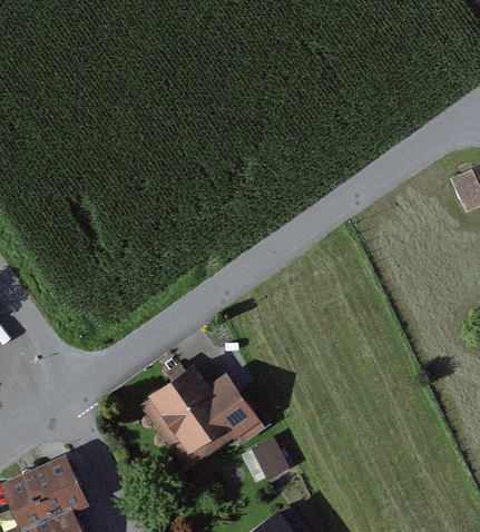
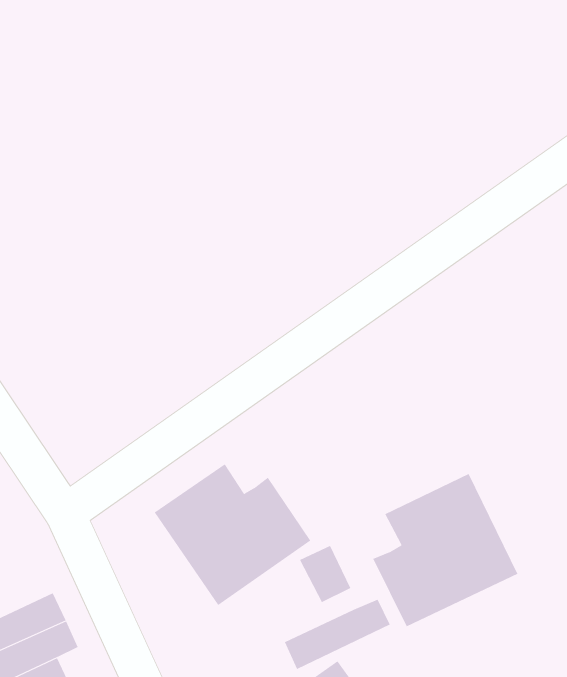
building: none -> [373,473,518,627]
building: none -> [284,599,390,670]

